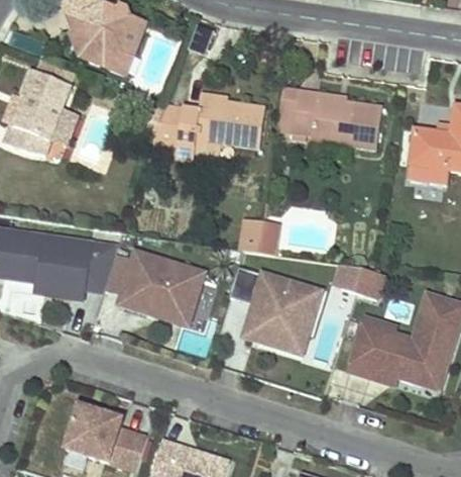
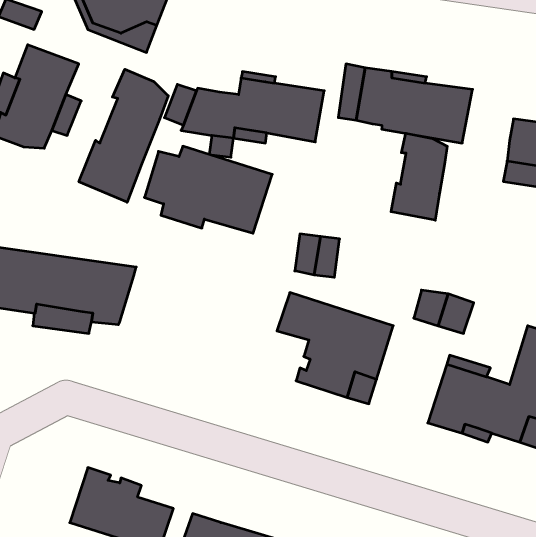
building: none -> [79,69,168,202]
building: none -> [391,133,447,220]
building: [105,249,206,317] -> [144,146,272,233]

